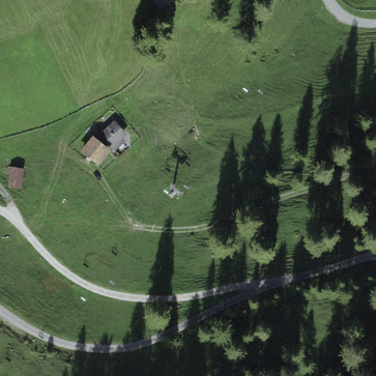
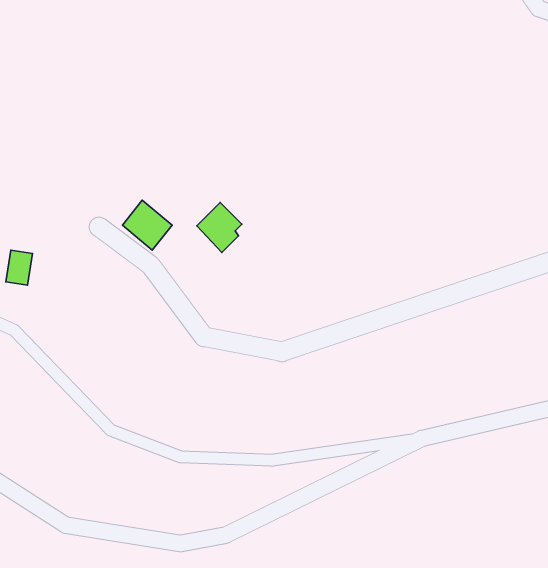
building: [99,119,127,150] -> [197,203,242,253]

